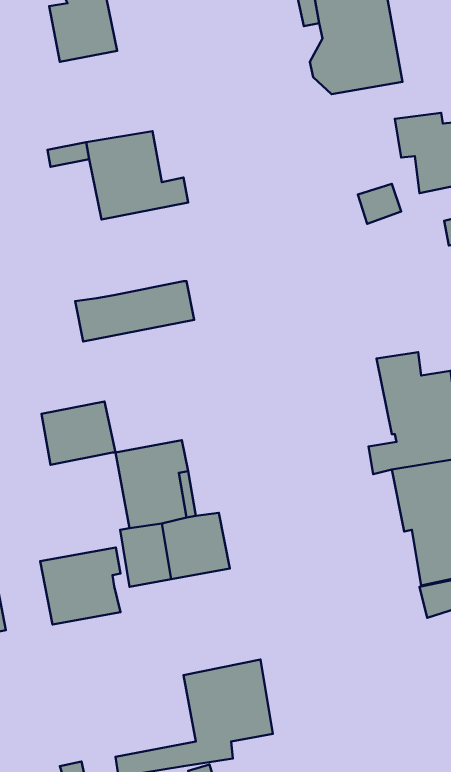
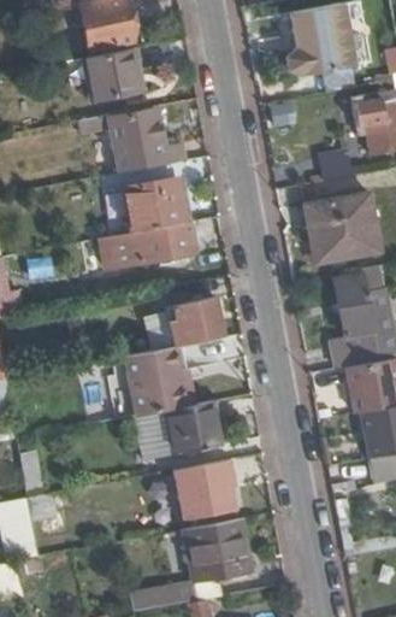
building: none -> [85,47,146,100]
building: none -> [120,177,183,231]
building: none -> [305,195,380,264]
building: [41,402,115,465] -> [164,296,221,346]
building: [40,547,120,625] -> [172,458,235,518]

